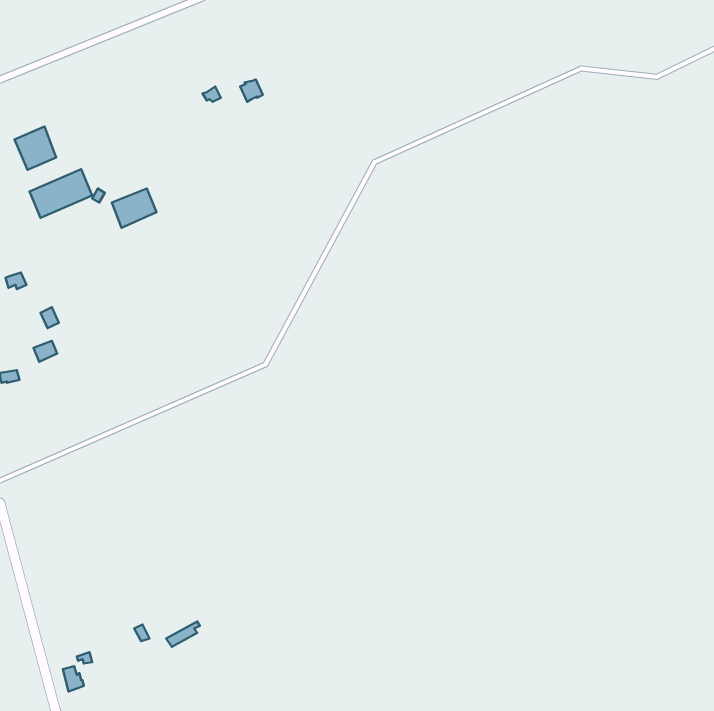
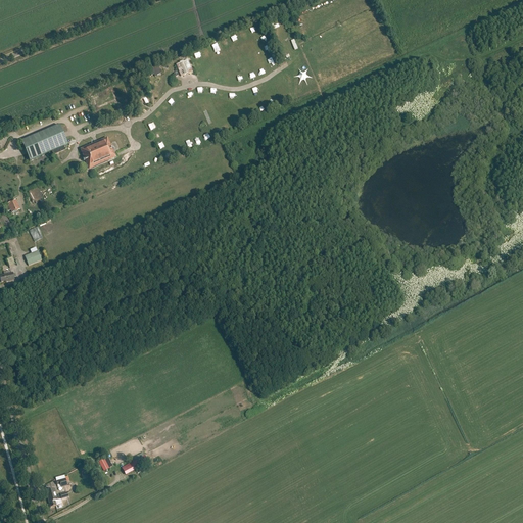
building: [14,126,56,170] -> none

